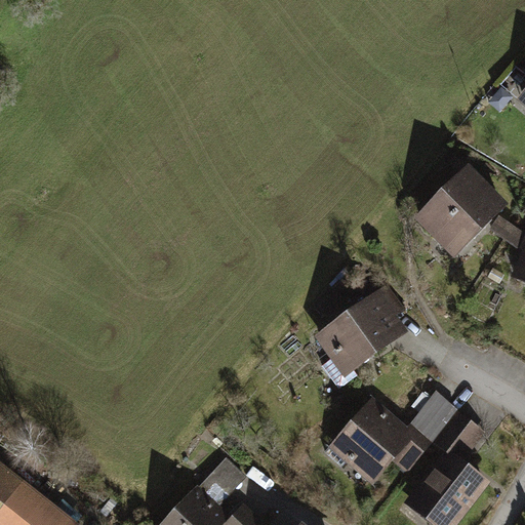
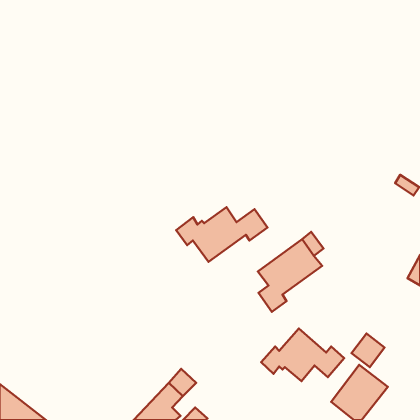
building: [421,175,500,247] -> none
building: none -> [176,207,268,262]
building: [408,392,455,445] -> none

